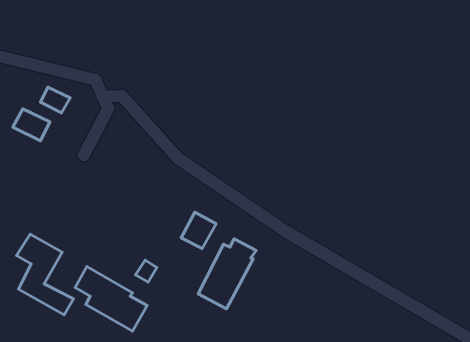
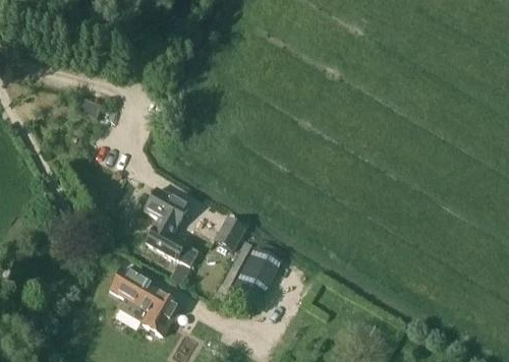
building: [13,109,50,141] -> none
building: [17,234,74,315] -> [144,189,199,266]

